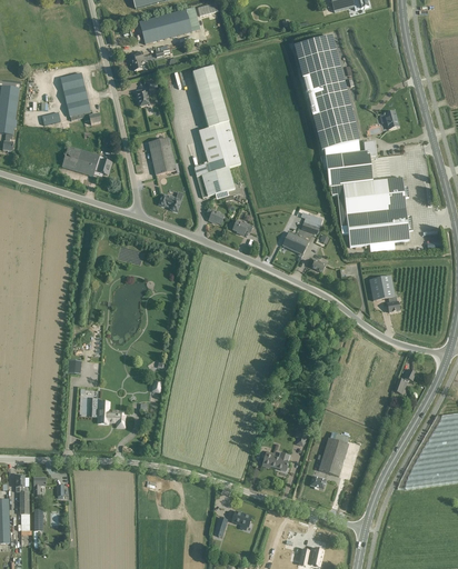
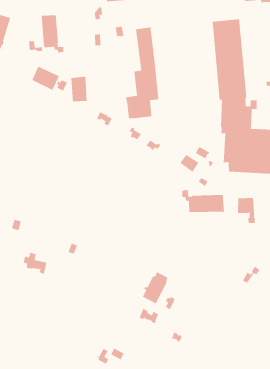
building: [148,137,177,174] -> [70,76,88,102]
building: none -> [182,189,224,213]
building: [318,431,349,476] -> [142,272,168,304]

